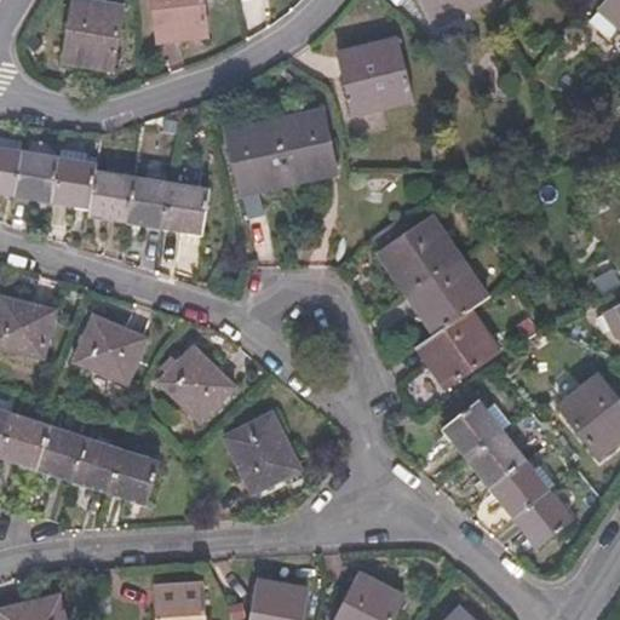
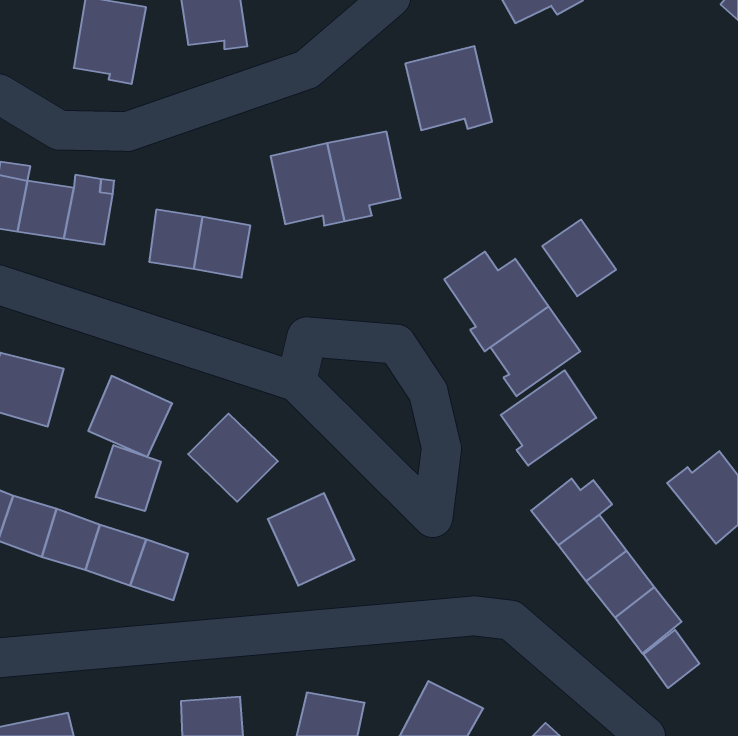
building: [90,170,131,219] -> none
building: none -> [542,220,616,296]
building: none -> [96,445,161,511]
building: none -> [644,630,699,688]

